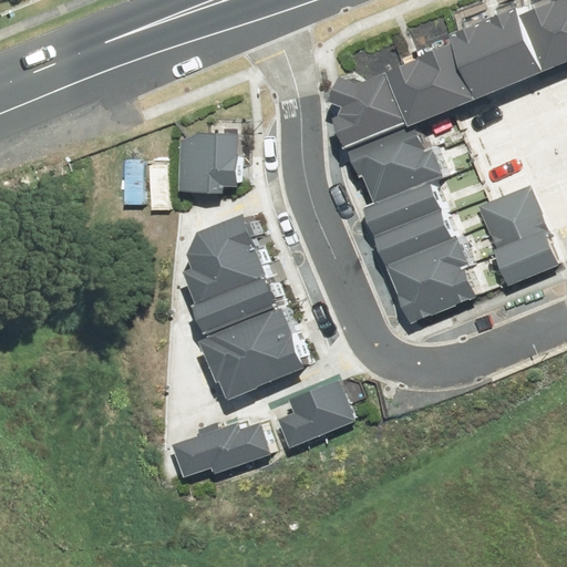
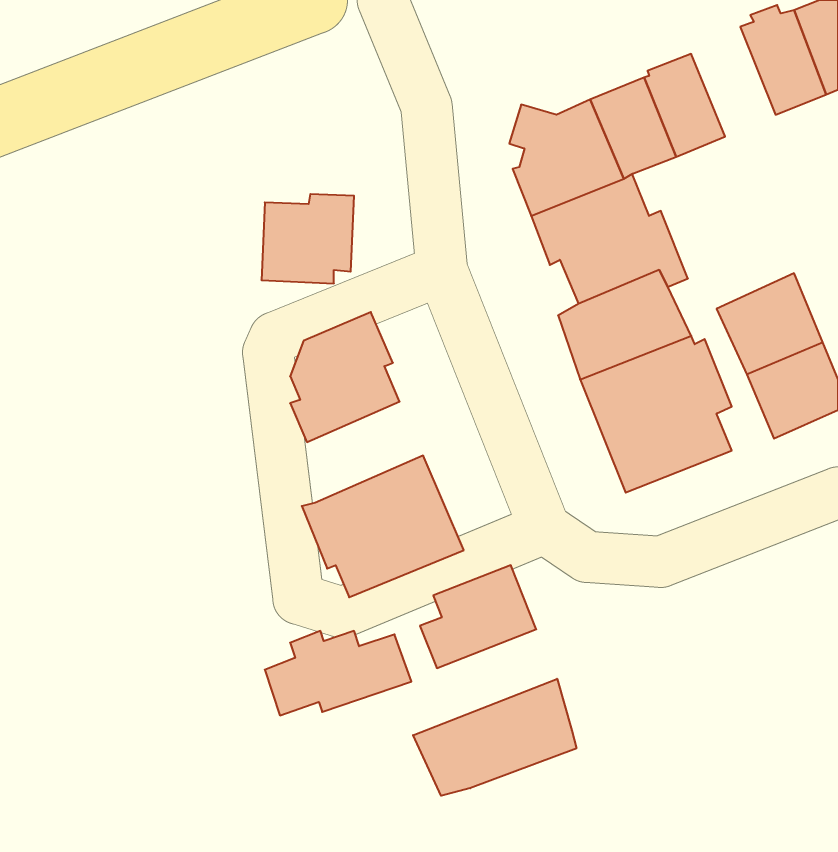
building: [452,23,509,96] -> none
building: [192,270,278,337] -> none
building: none -> [413,679,576,796]

